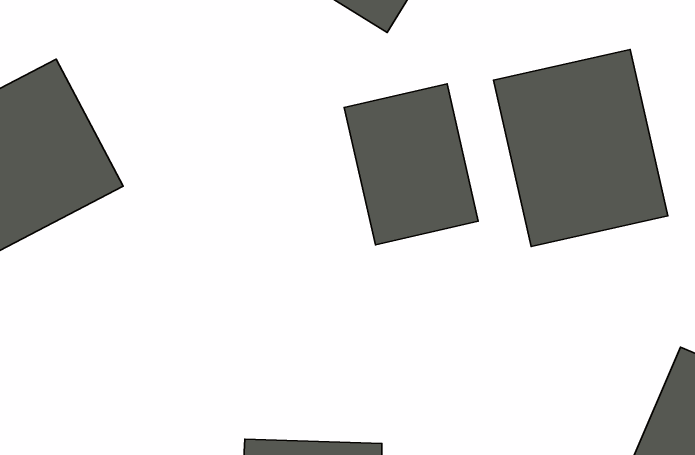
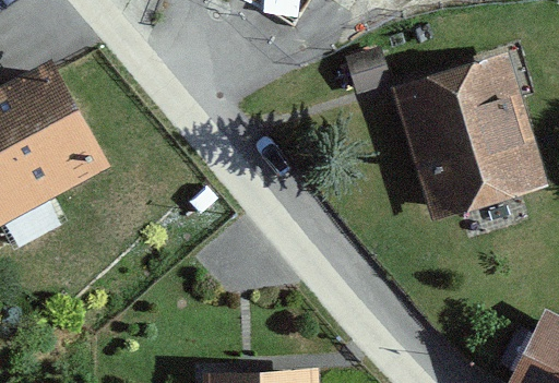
building: [344,84,478,245] -> none

